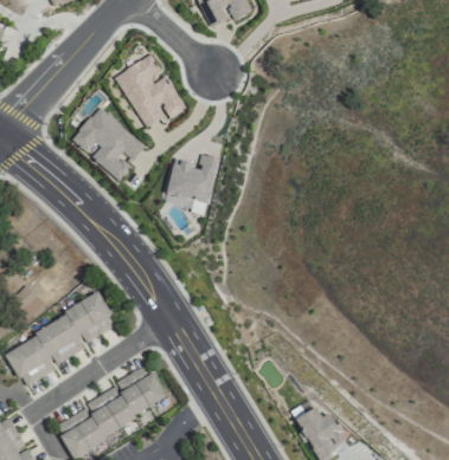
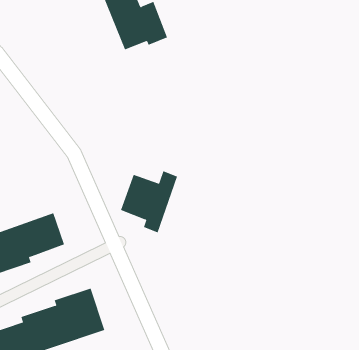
building: [71,106,145,181] -> none
building: [166,153,217,214] -> [120,170,178,233]

